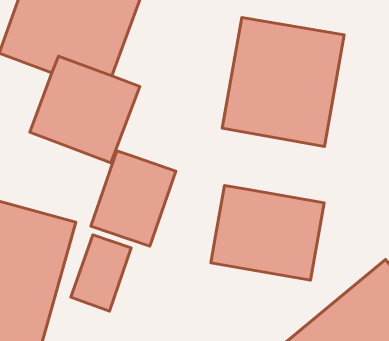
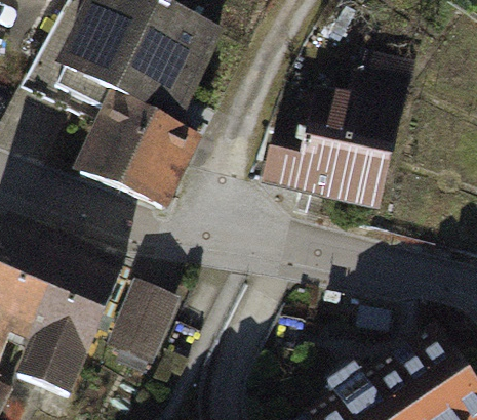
building: [91,151,176,246] -> none
building: [211,185,324,280] -> none

